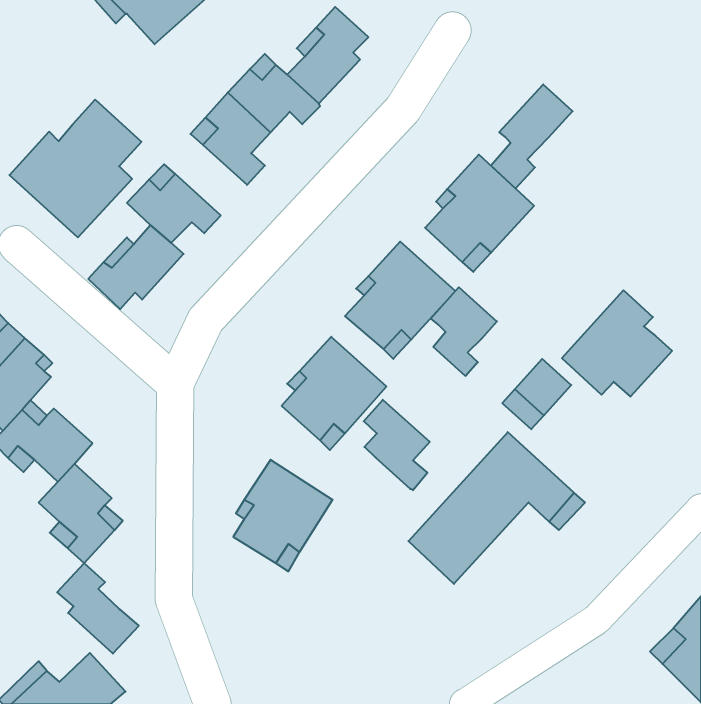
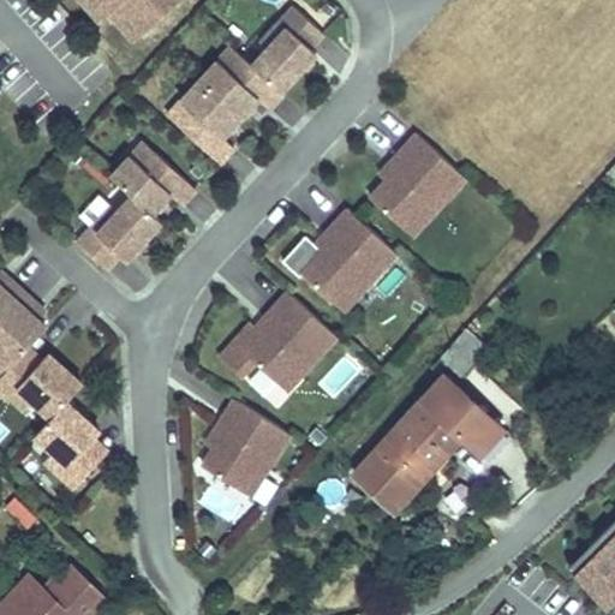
building: [491,84,573,188] -> none
building: [9,100,141,237] -> none
building: [431,287,497,376] -> none
building: [562,290,672,397] -> none
building: [364,400,430,490] -> none
building: [57,563,139,654] -> none

